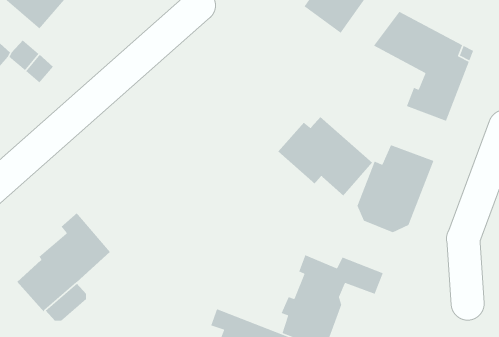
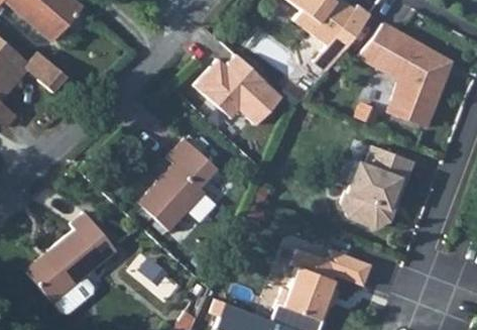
building: [278,116,373,197] -> [198,53,285,127]
building: none -> [139,139,218,228]

